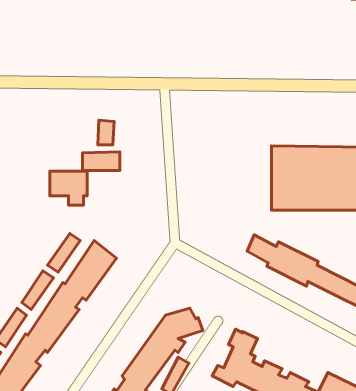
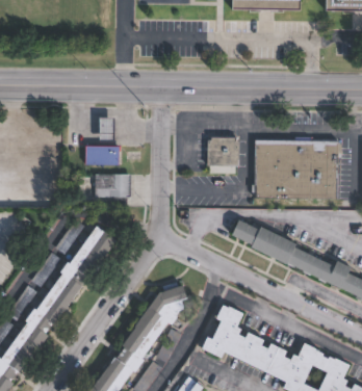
building: none -> [207,140,238,166]
building: [50,171,87,205] -> [96,176,129,206]

